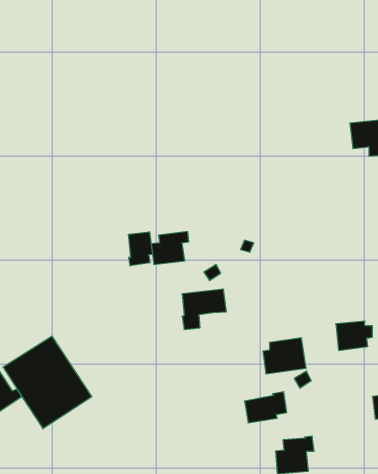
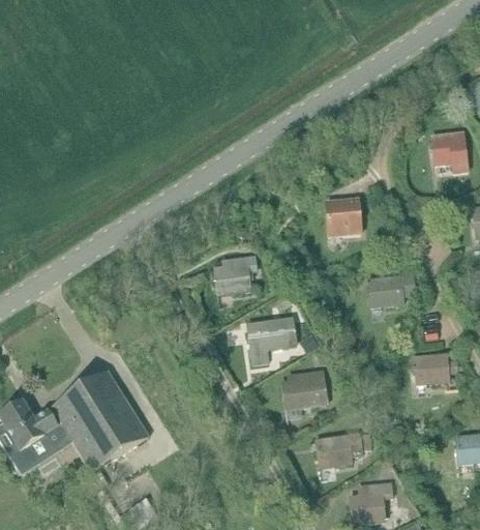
building: none -> [325,199,361,234]
building: [129,232,153,266] -> none
building: none -> [368,273,415,305]
building: [263,338,306,374] -> [279,369,327,408]

